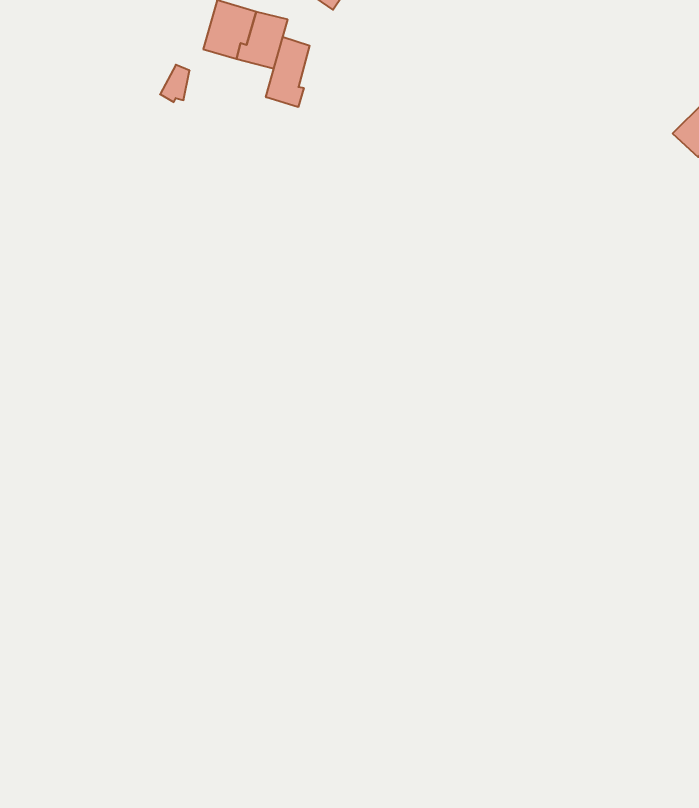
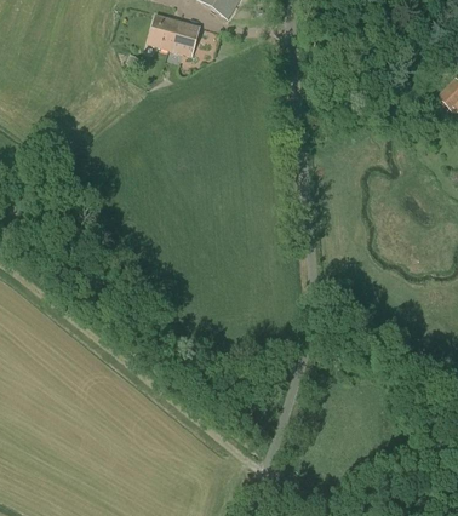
building: [266,37,310,107] -> none

